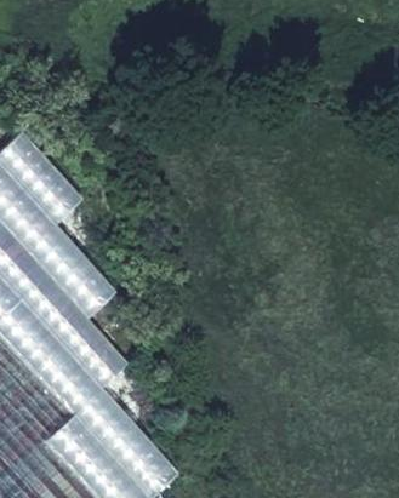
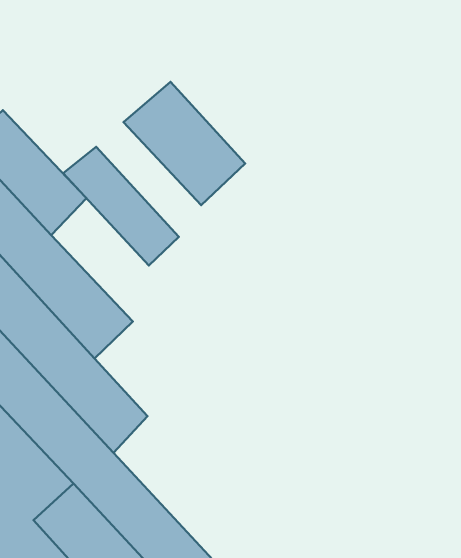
building: none -> [123,82,245,205]
building: none -> [63,147,179,265]

